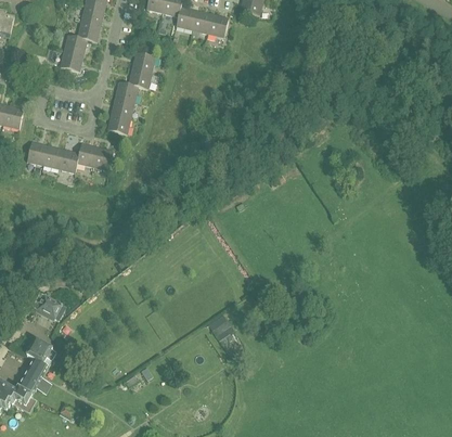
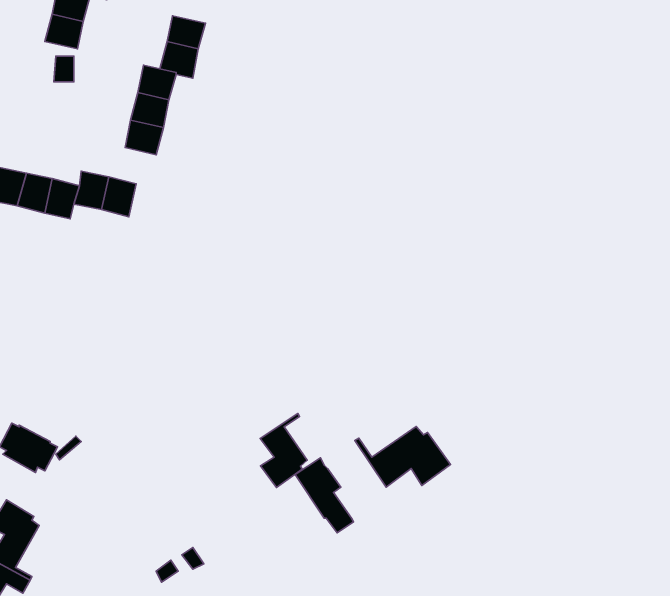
building: none -> [260,413,307,488]
building: none -> [355,426,451,487]

